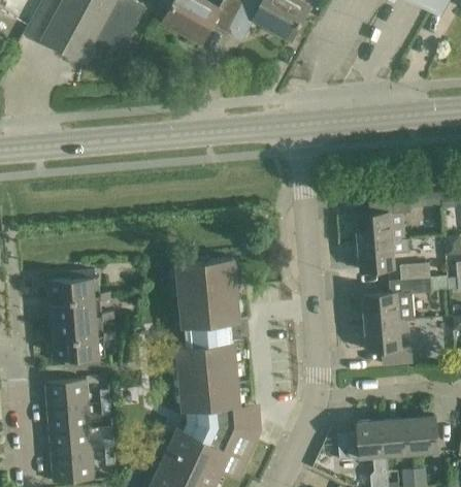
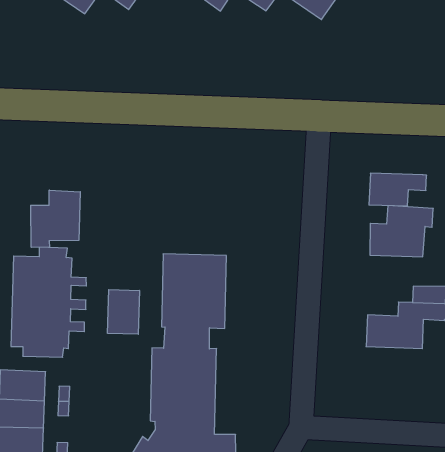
building: none -> [31,190,80,247]
building: [358,238,408,270] -> [369,173,427,206]
building: none -> [108,290,139,334]
building: [364,319,414,364] -> none

